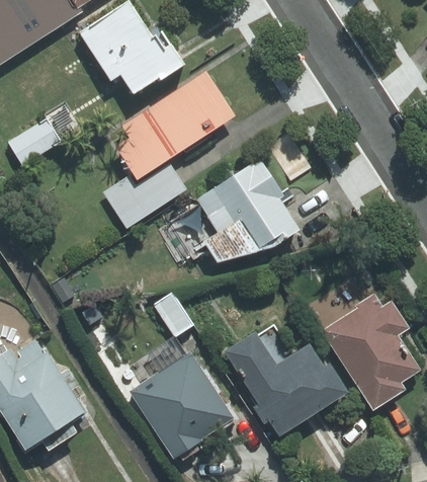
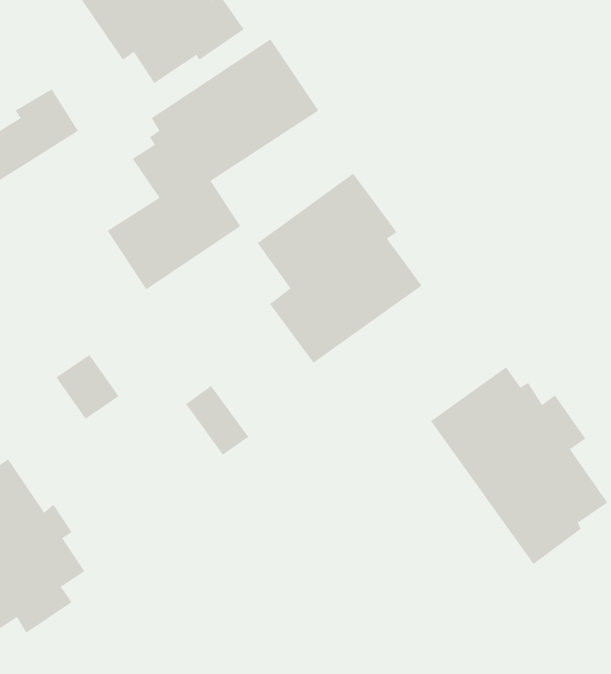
building: [222,326,349,433] -> none
building: [127,348,240,464] -> none

